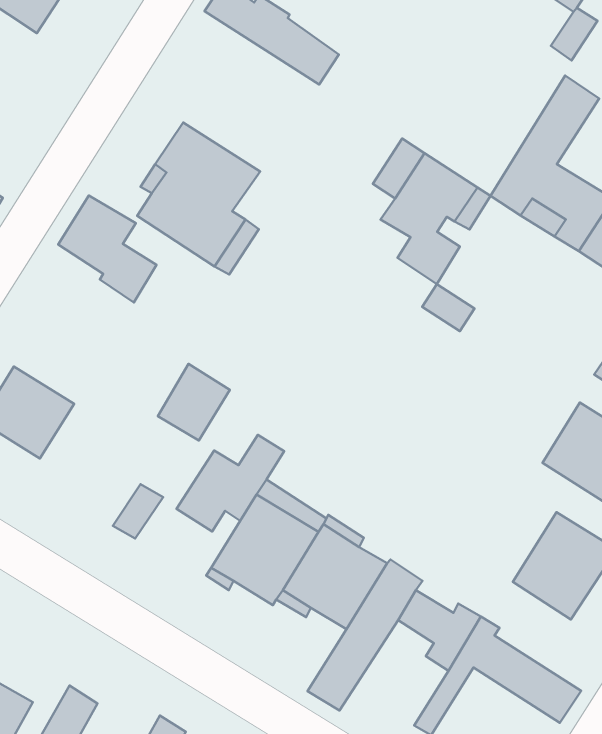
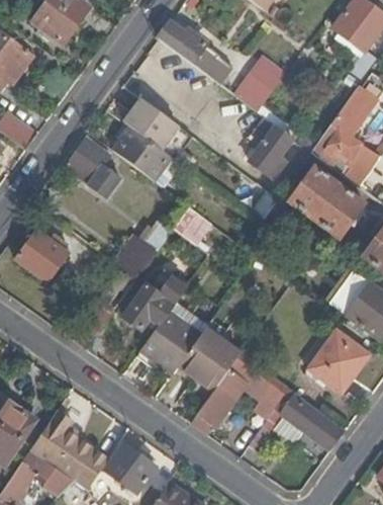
building: none -> [235,55,287,109]
building: none -> [289,166,365,238]
building: none -> [175,206,214,248]

